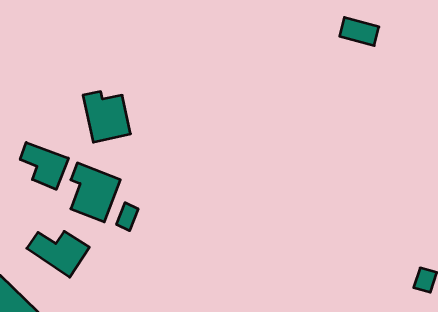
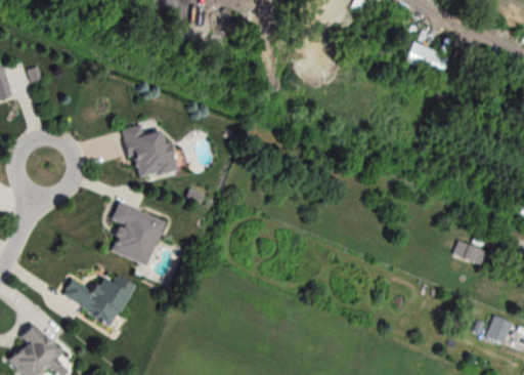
building: [20,142,68,189] -> none
building: none -> [452,240,485,265]
building: [117,203,138,231] -> none

